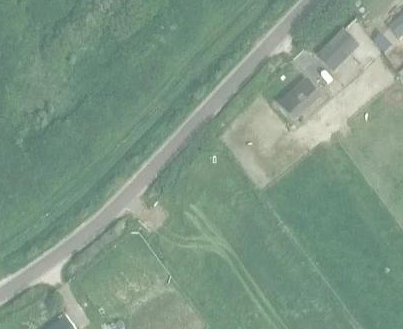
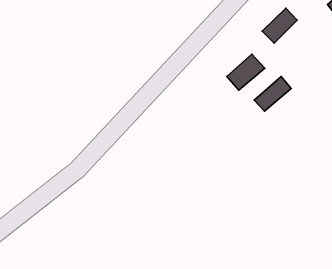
building: none -> [254,77,291,111]

